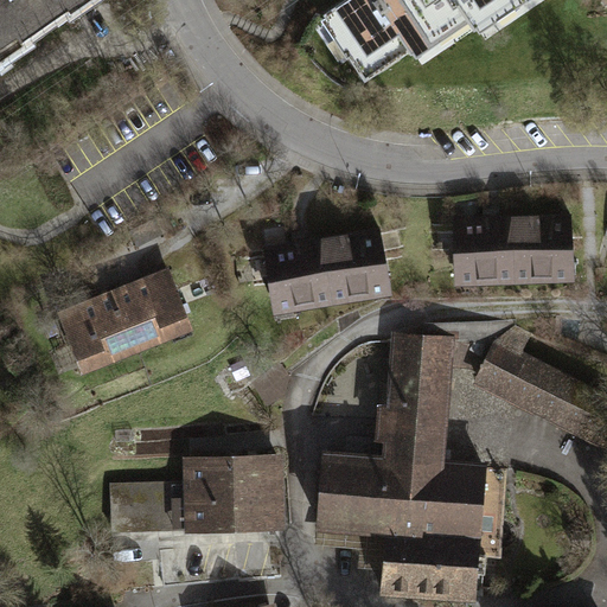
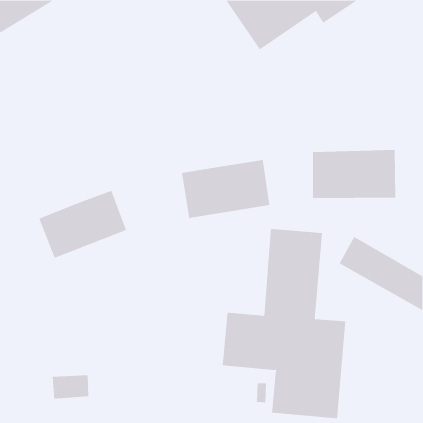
building: [181,454,287,528] -> none
building: [109,487,162,522] -> [52,375,89,399]

